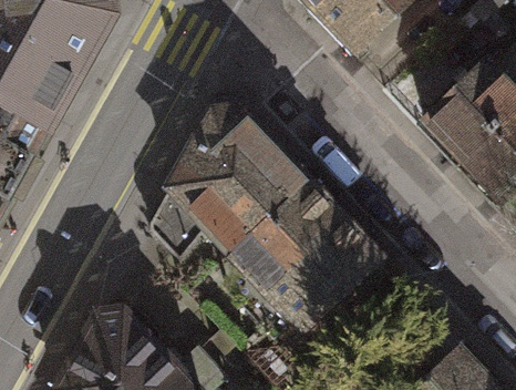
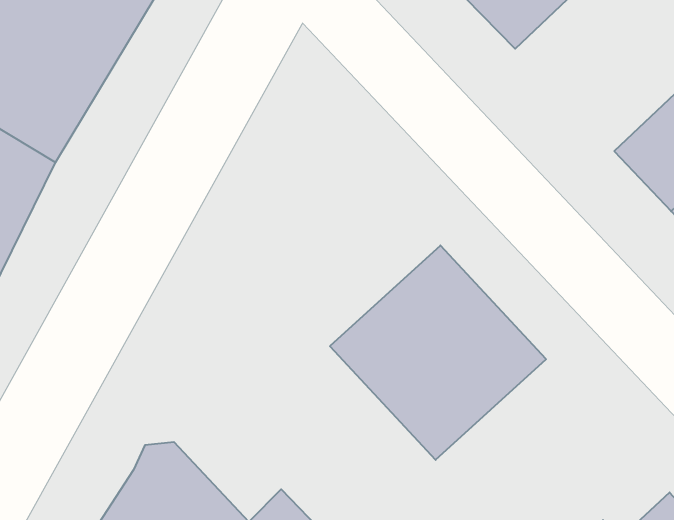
building: [151,105,306,254] -> none

